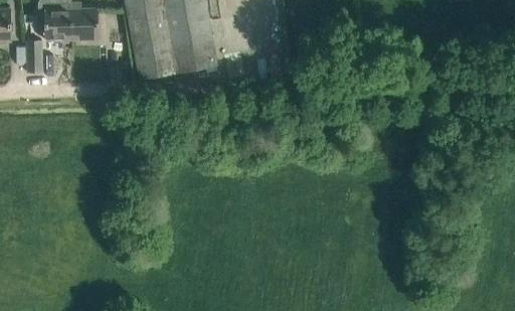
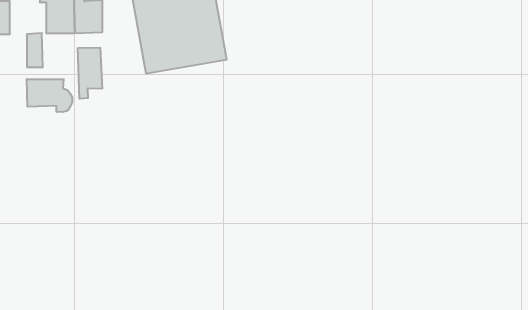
building: none -> [78,48,102,99]
building: none -> [27,79,72,112]

